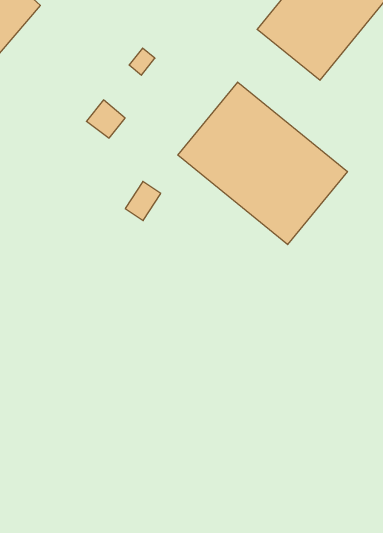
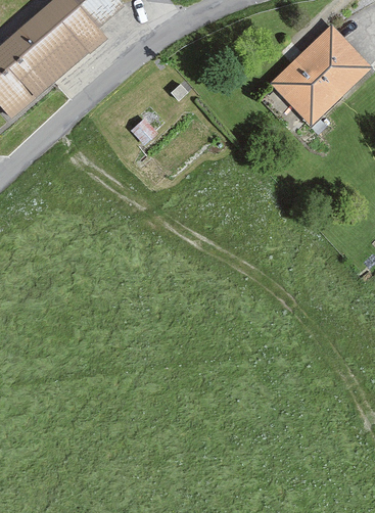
building: [178,82,347,245] -> none

